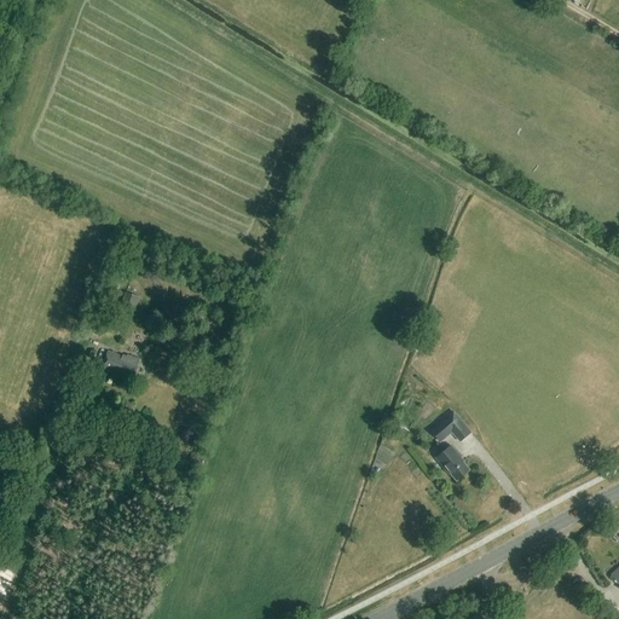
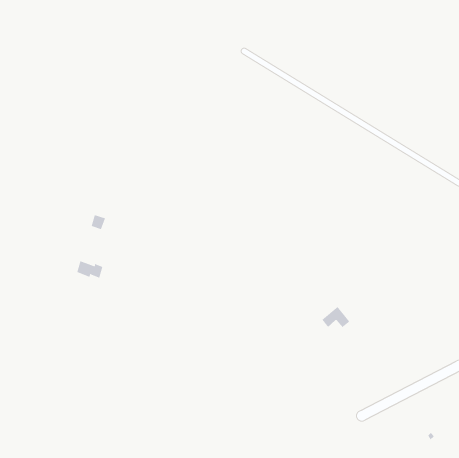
building: [436,445,469,480] -> none

